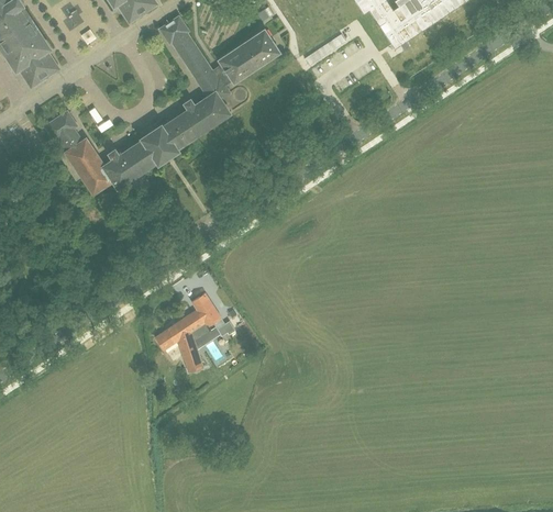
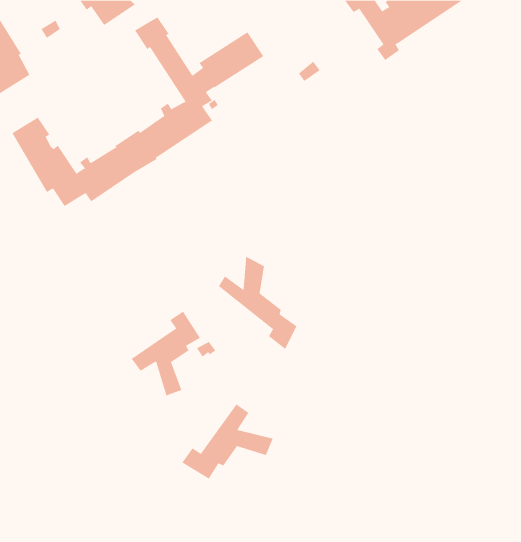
building: none -> [218,256,297,350]
building: none -> [182,404,274,480]

